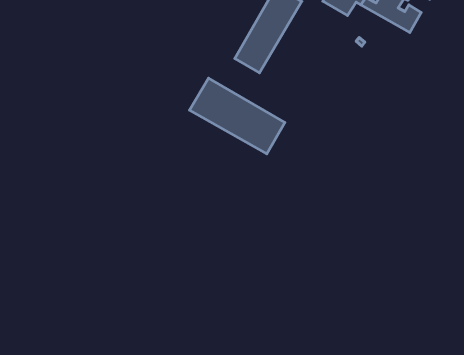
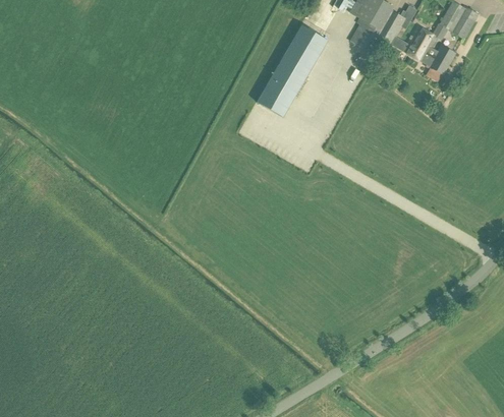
building: [189,78,285,154] -> none

